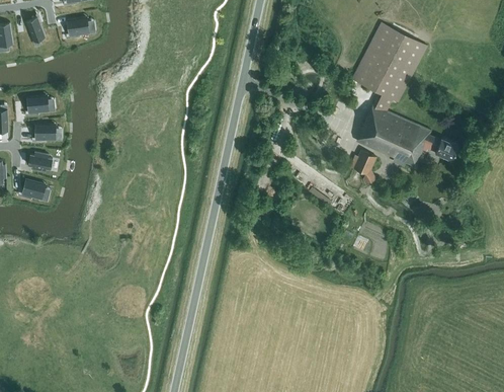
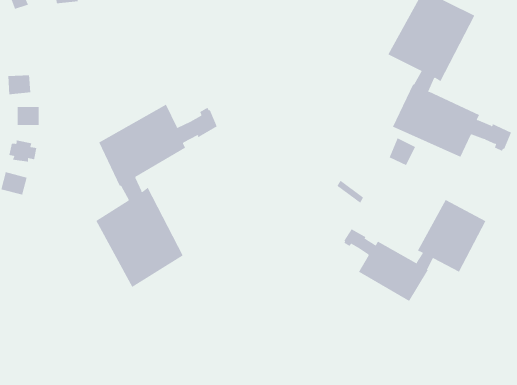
building: none -> [95,104,217,288]
building: none -> [343,199,486,302]

